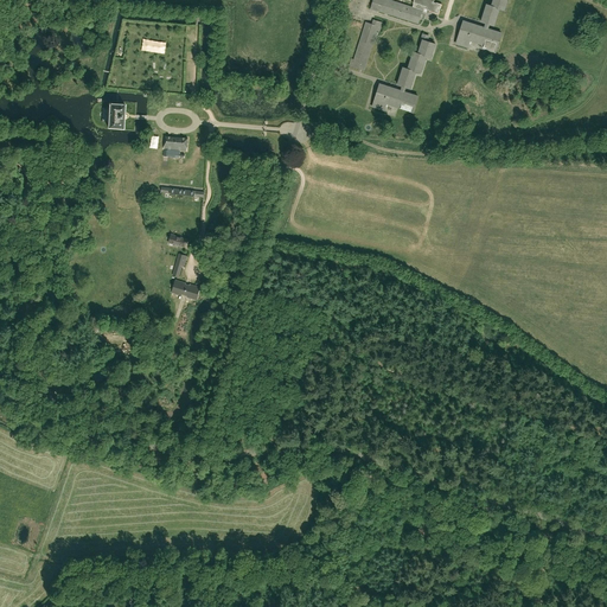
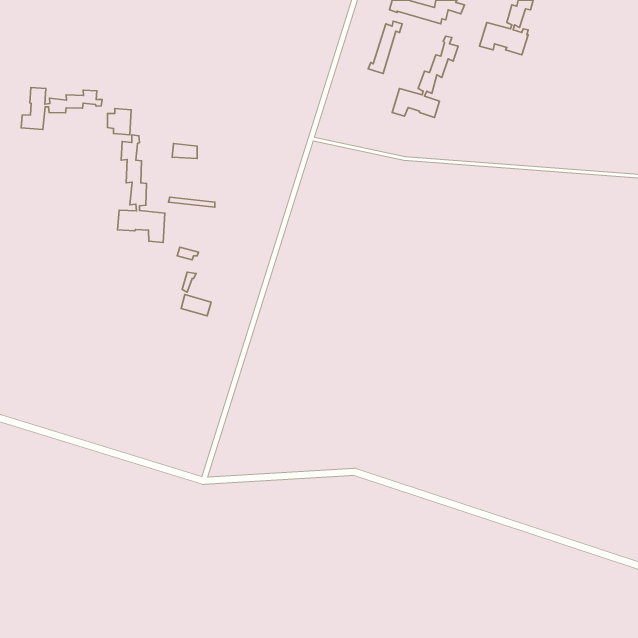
building: none -> [21,88,102,129]
building: none -> [118,135,165,242]

